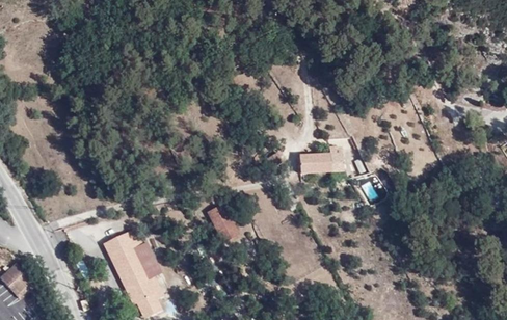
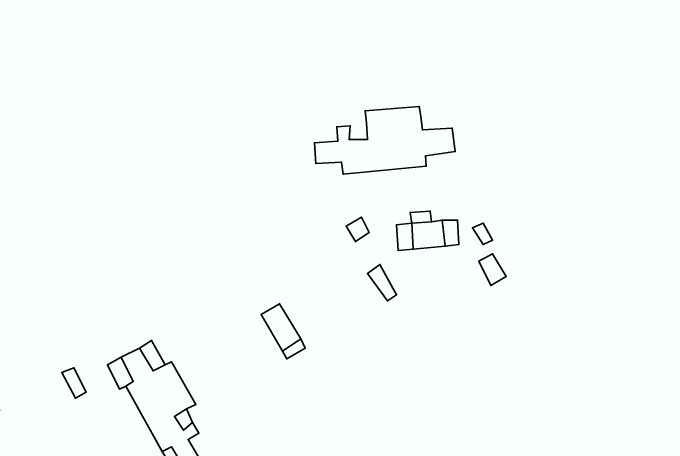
building: none -> [315,106,455,174]

